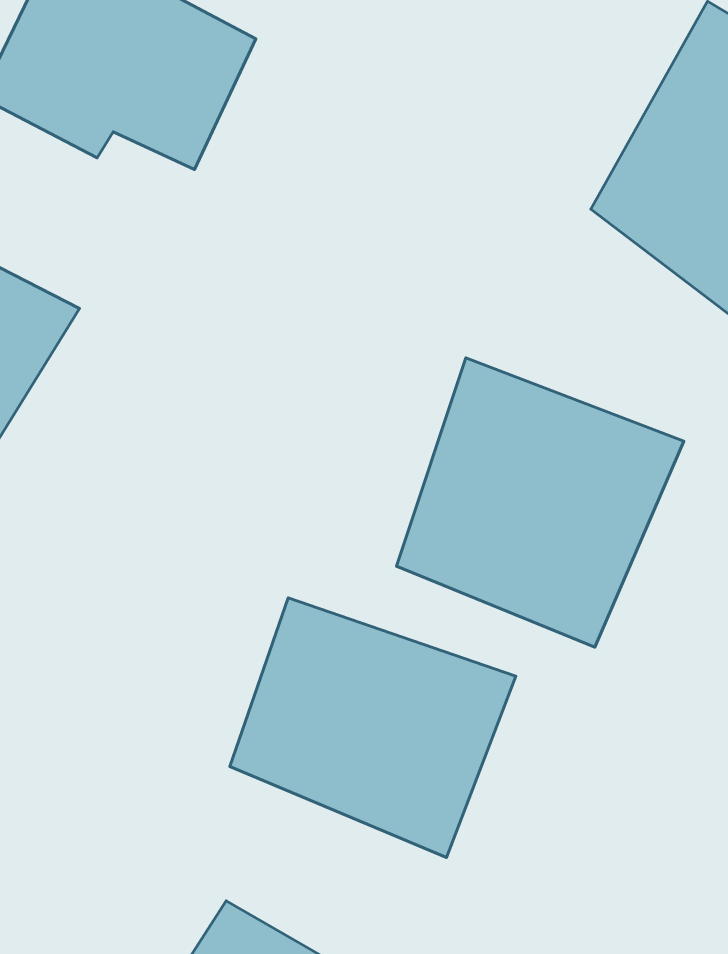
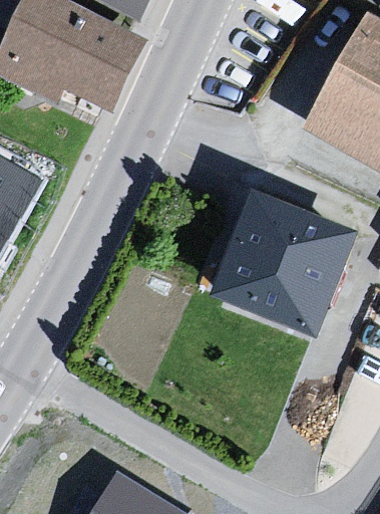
building: [230,598,516,858] -> none

